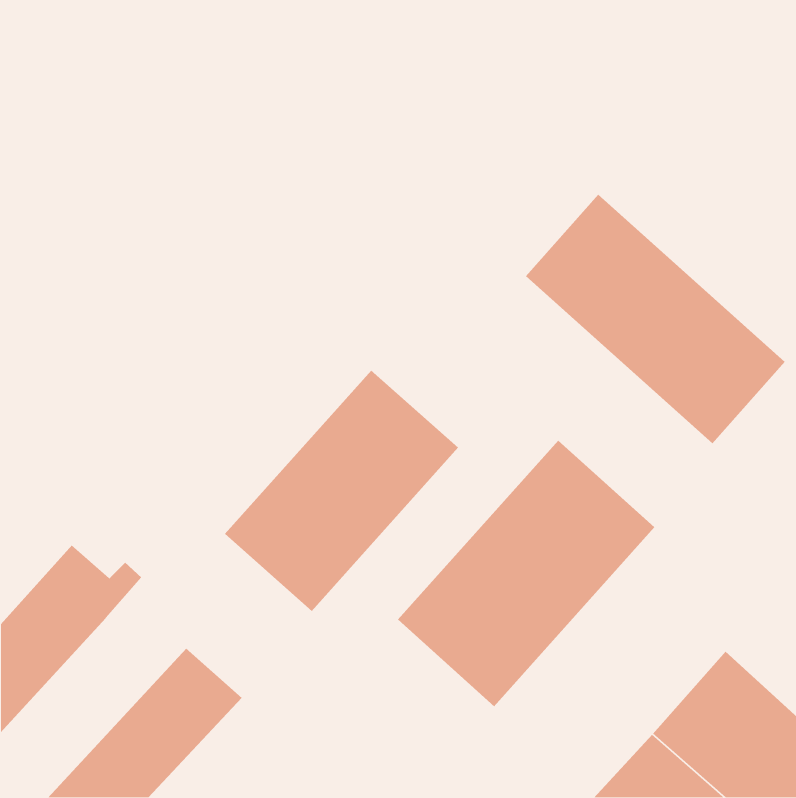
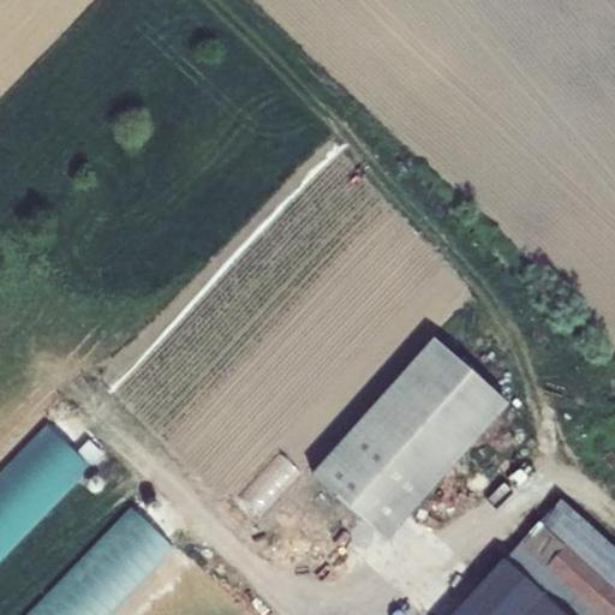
building: [525,194,785,444] -> none
building: [224,370,459,612] -> none

